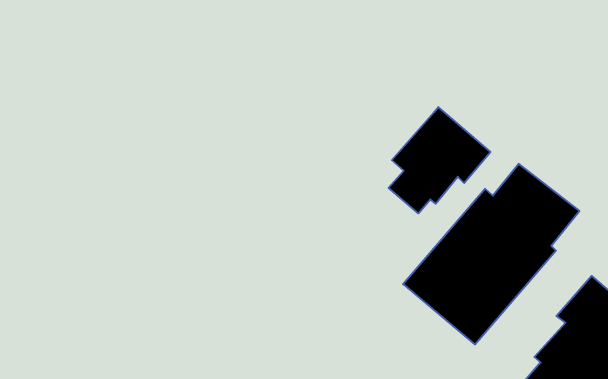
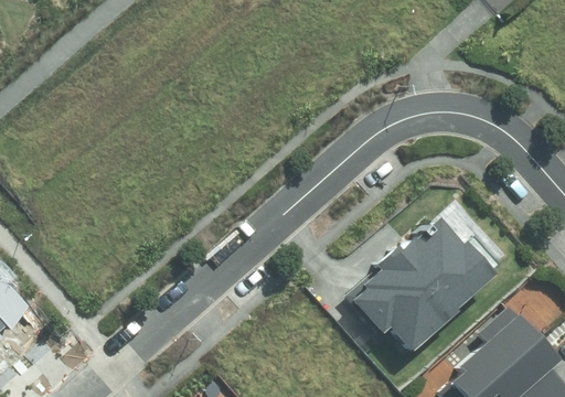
building: [389,107,490,213] -> none

